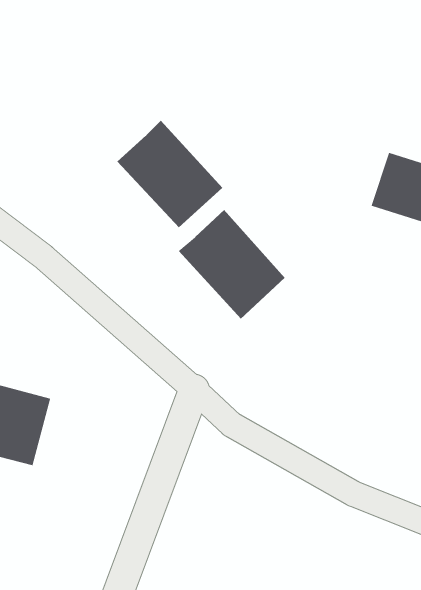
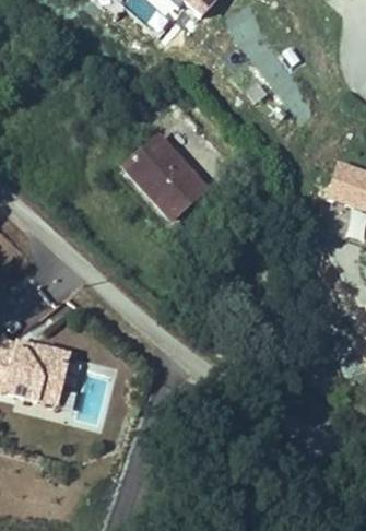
building: [178,209,286,320] -> none

